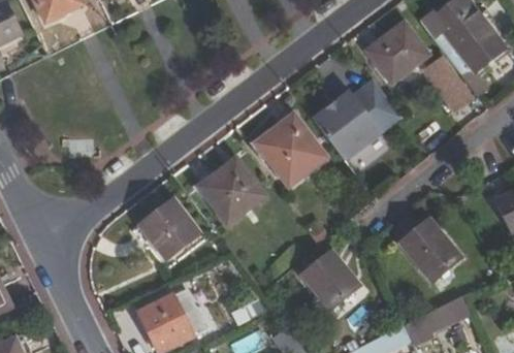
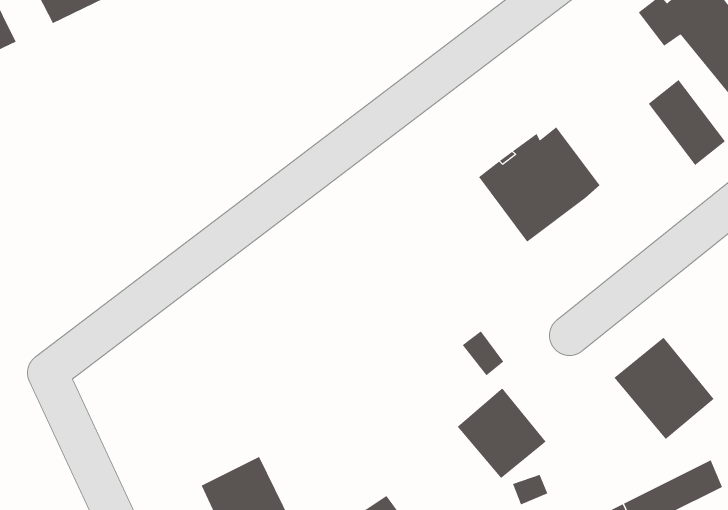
building: [367,22,428,82] -> none
building: [258,121,317,184] -> none
building: [200,159,265,224] -> none
building: [142,199,201,258] -> none

